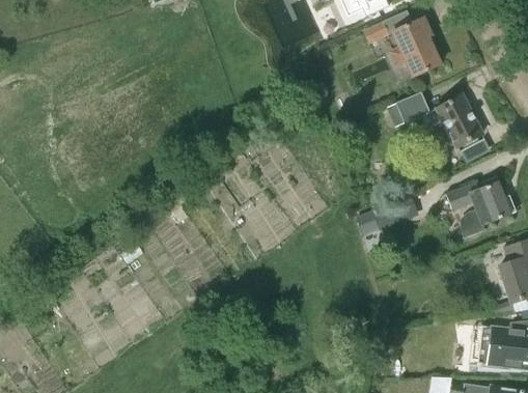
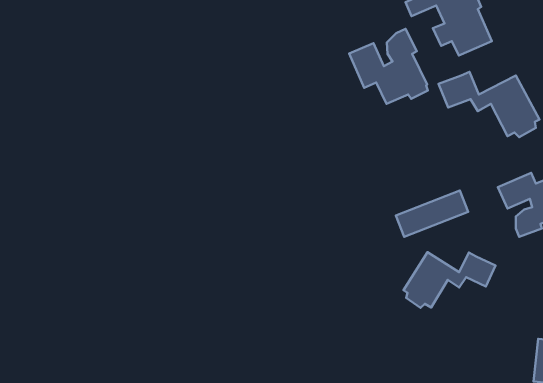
building: none -> [349,29,428,104]
building: none -> [403,252,496,308]

